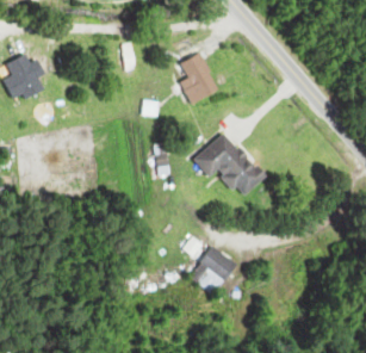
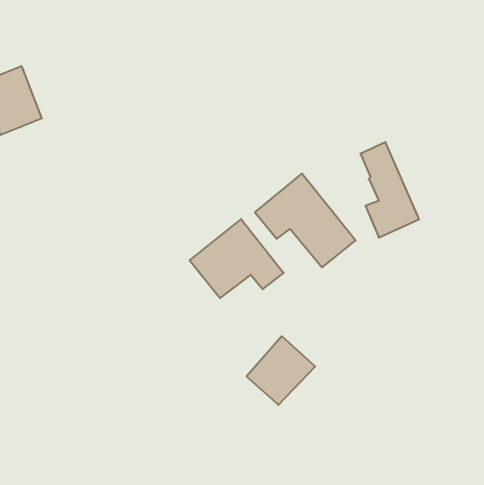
building: [175,36,217,104] -> [360,142,419,238]
building: none -> [190,219,284,298]

